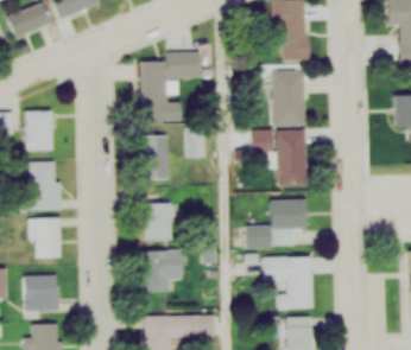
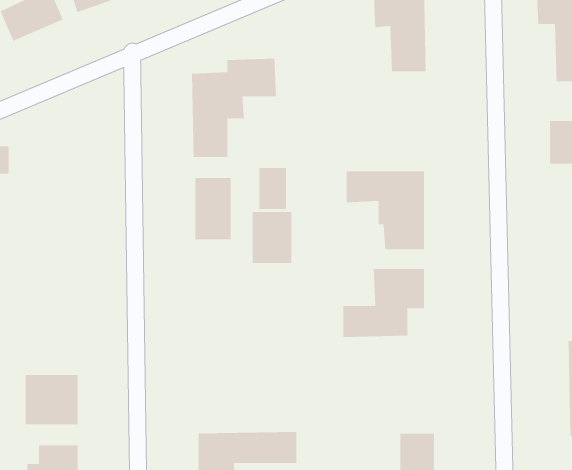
building: [271,71,303,126] -> none
building: [24,110,52,151] -> none
building: [27,161,61,209] -> none
building: [143,203,171,240] -> [252,211,292,263]
building: [31,217,61,257] -> none
building: [143,250,179,292] -> none
building: [263,256,314,308] -> none

